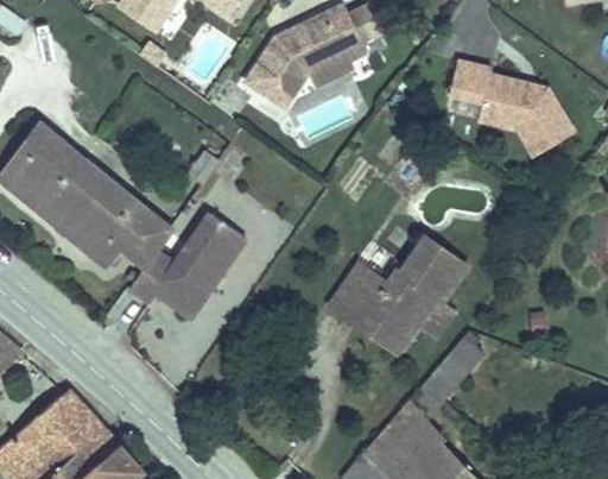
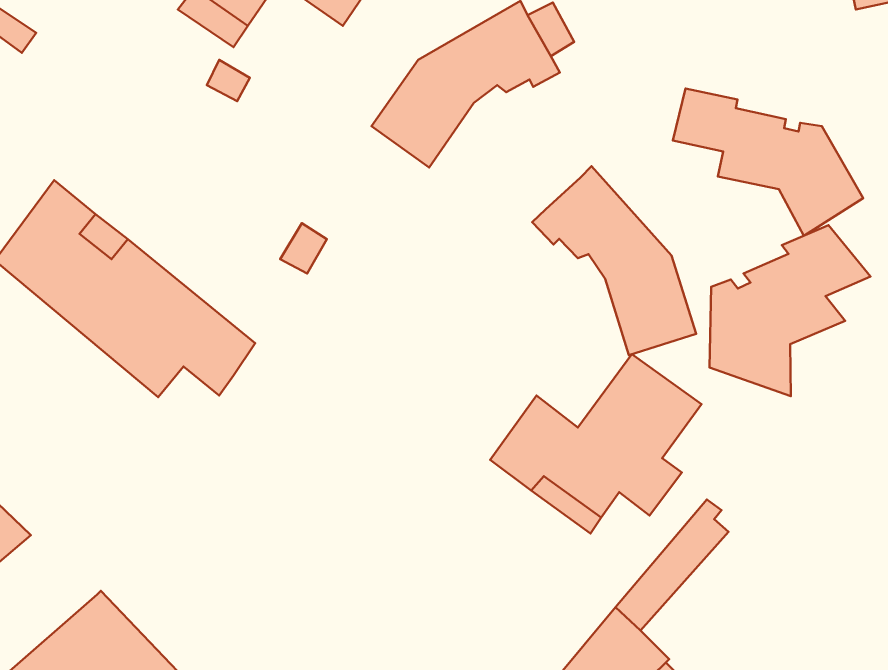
building: none -> [532,166,696,355]
building: none -> [709,225,871,396]
building: [132,215,247,317] -> none

